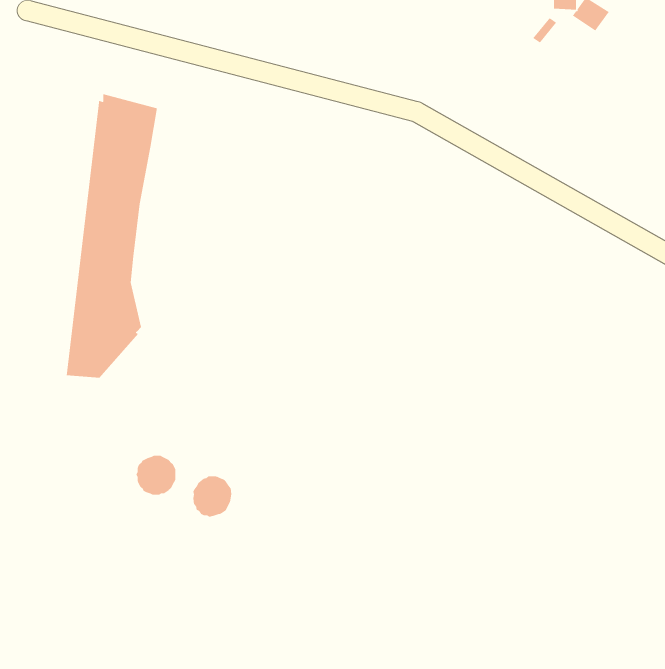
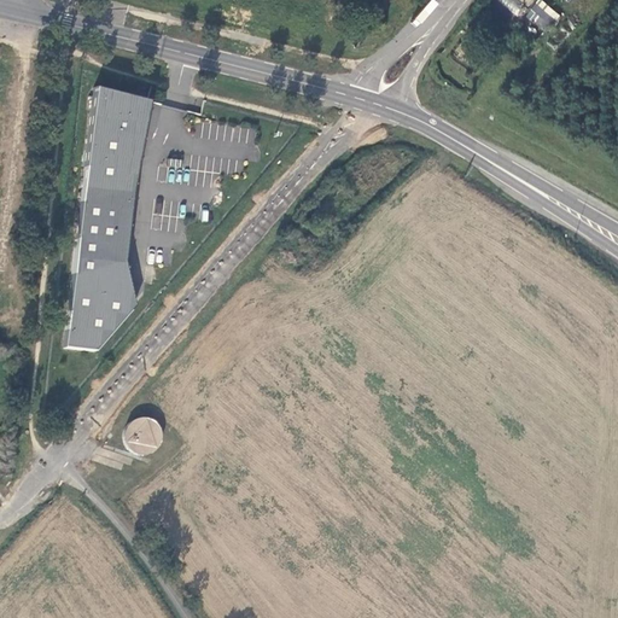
building: [192,475,232,518] -> none

